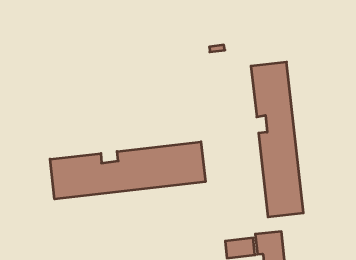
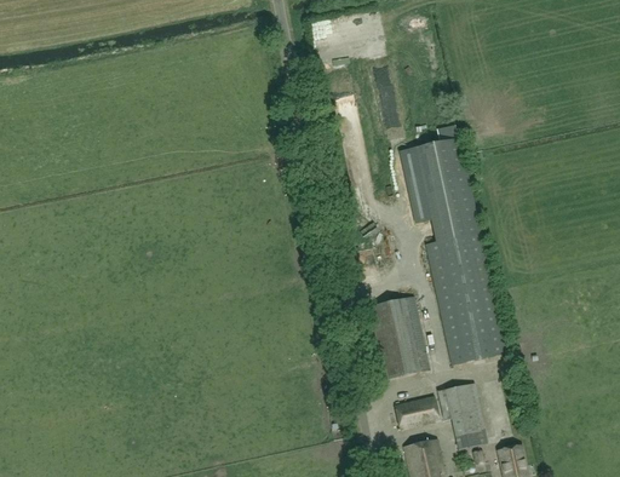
building: [50,142,205,199] -> none
building: none -> [368,295,429,378]

